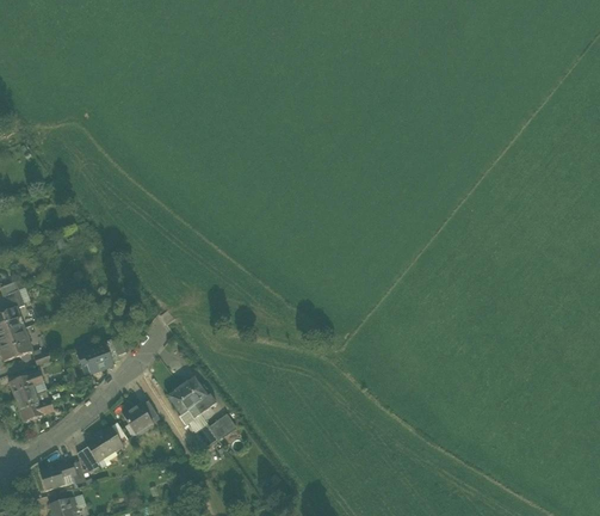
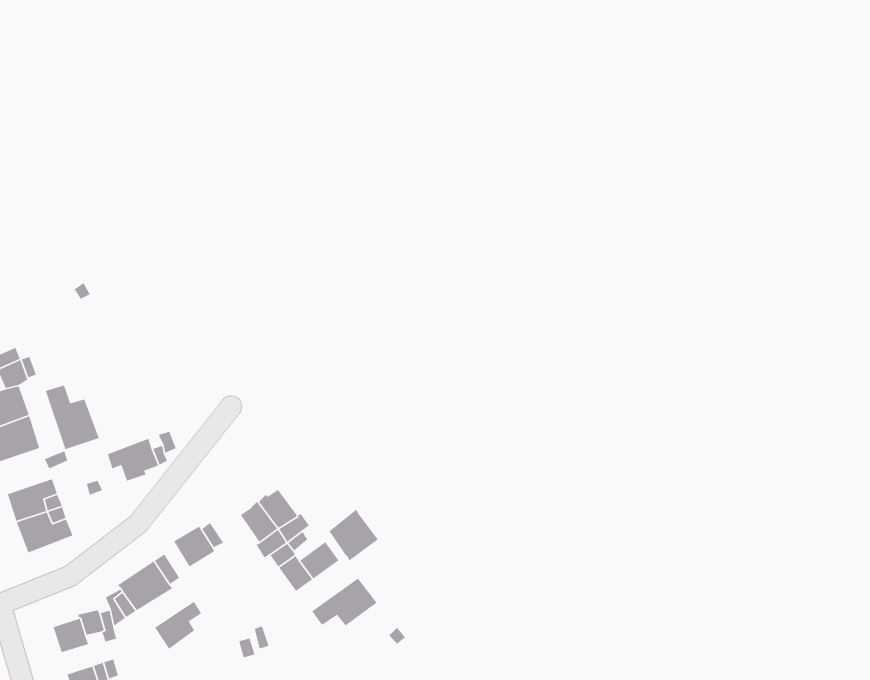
building: none -> [45,384,100,450]
building: none -> [328,509,379,561]
building: none -> [311,578,378,627]
building: none -> [154,601,202,650]

